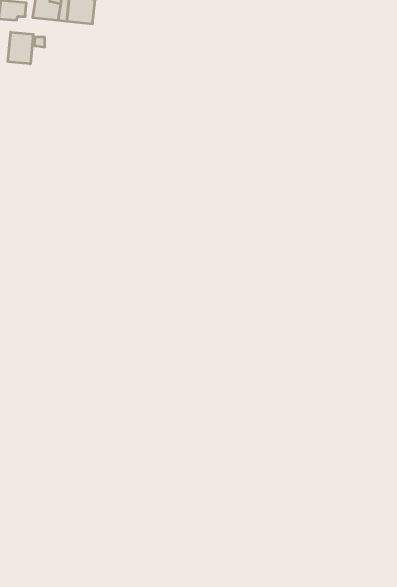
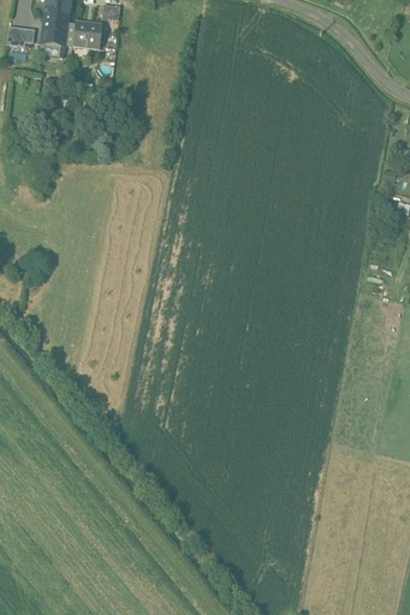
building: [8,32,33,64] -> none

